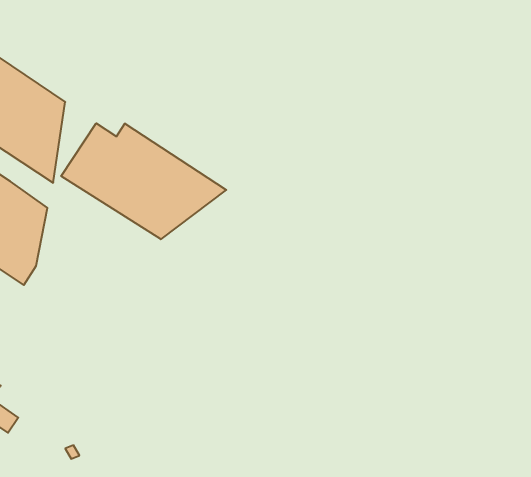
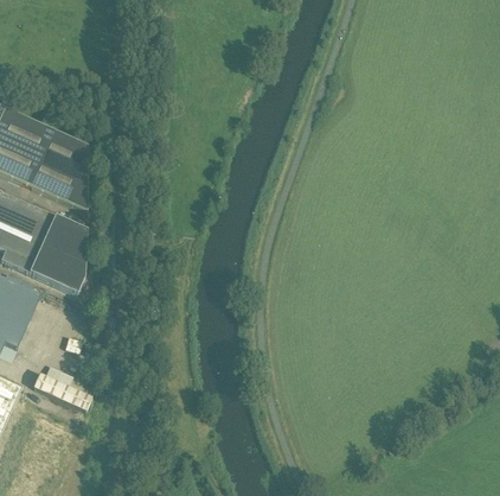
building: [61,123,226,239] -> none

